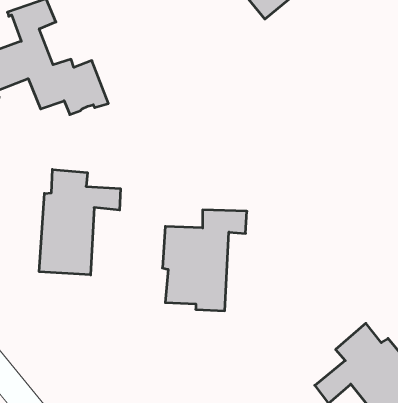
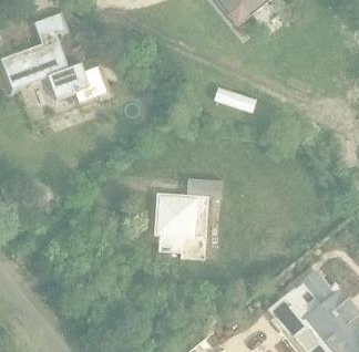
building: [39,169,120,275] -> none

